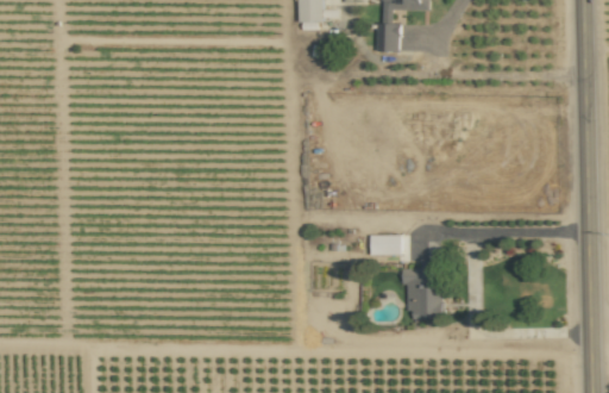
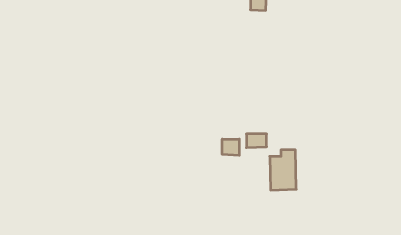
building: none -> [222,139,239,155]

